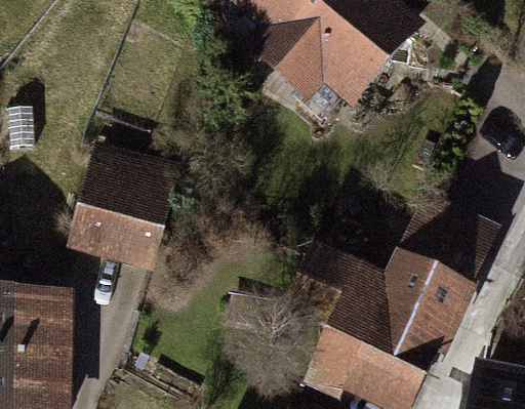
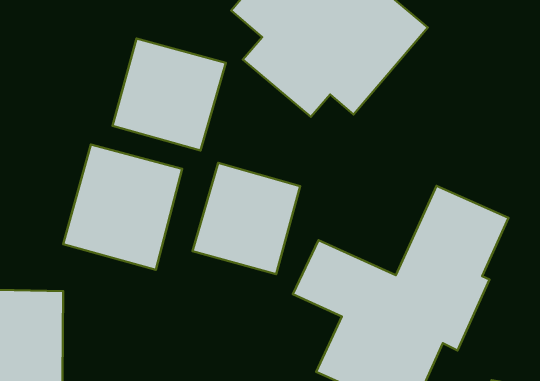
building: none -> [113,38,226,151]
building: none -> [193,163,300,274]

